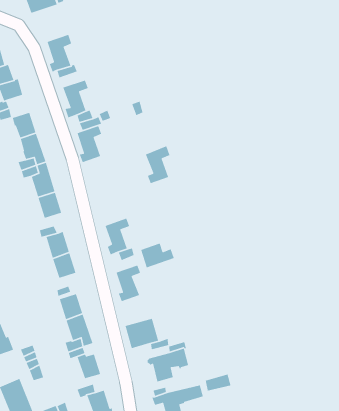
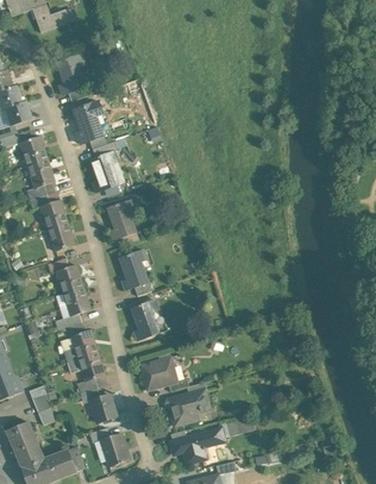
building: [145,145,170,184] -> [106,199,133,240]
building: [140,242,175,268] -> none

